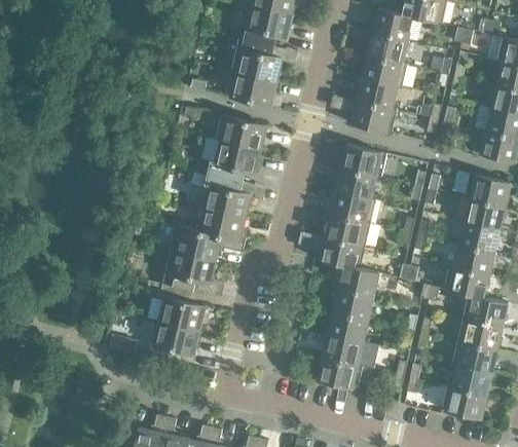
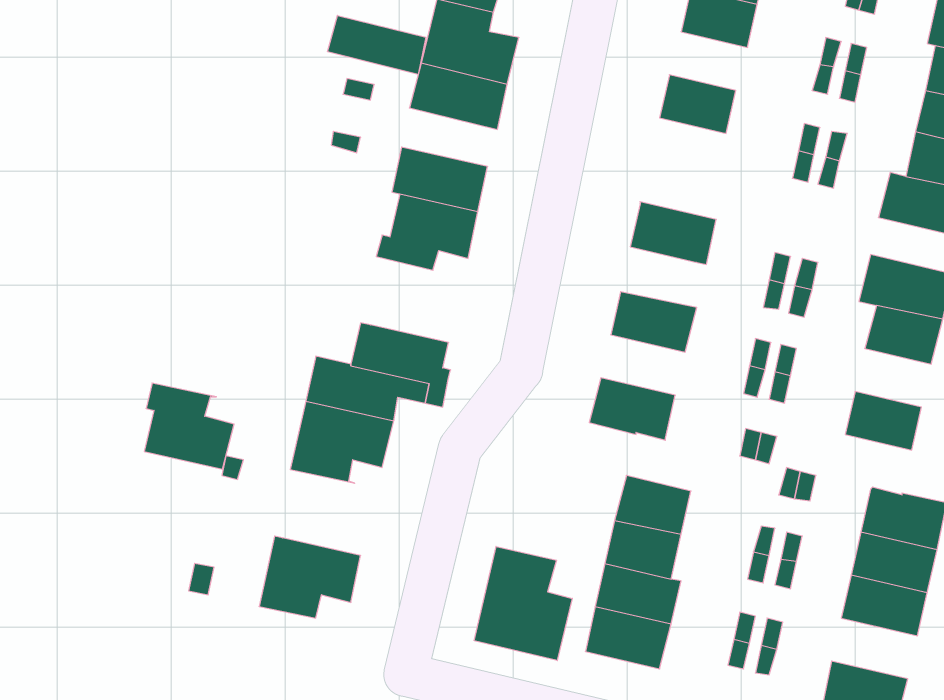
building: none -> [328,15,426,74]
building: [362,54,407,86] -> none
building: [351,100,397,134] -> none
building: [336,167,376,198] -> none
building: [205,173,251,218] -> none
building: [326,214,370,246] -> none
building: [459,221,499,252] -> none
building: [339,265,379,296] -> none
building: [444,265,489,298] -> none
building: [158,285,206,330] -> [144,383,234,469]
building: none -> [474,546,572,661]
building: [447,363,492,395] -> none

